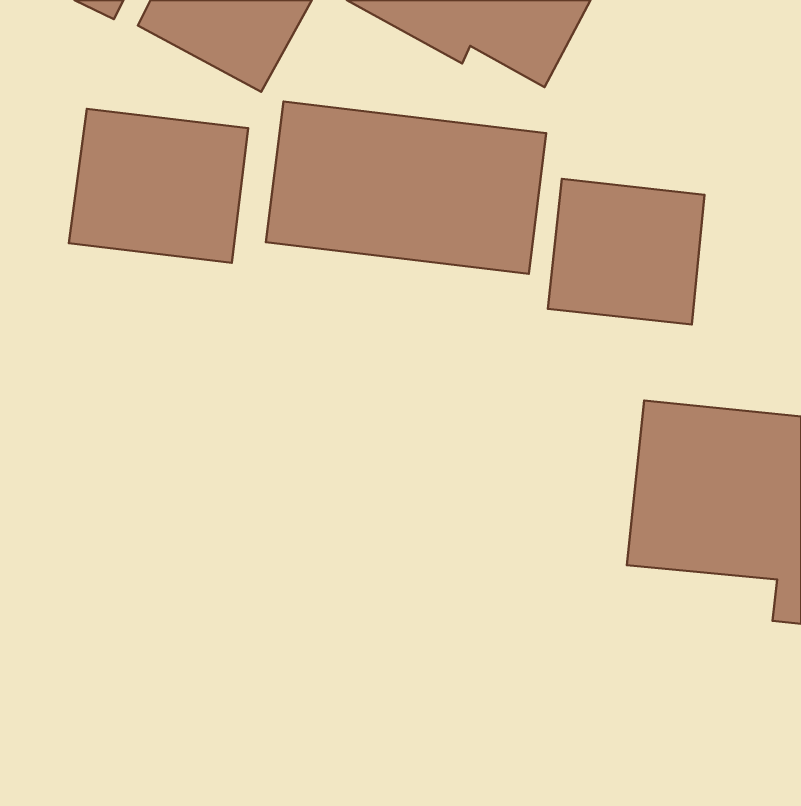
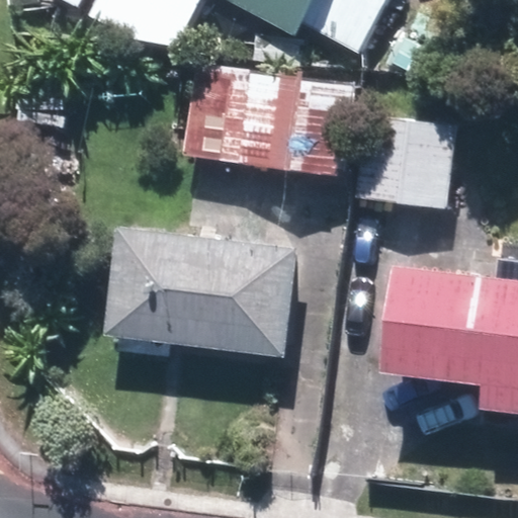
building: [69,109,248,263] -> none
building: none -> [119,226,306,348]

